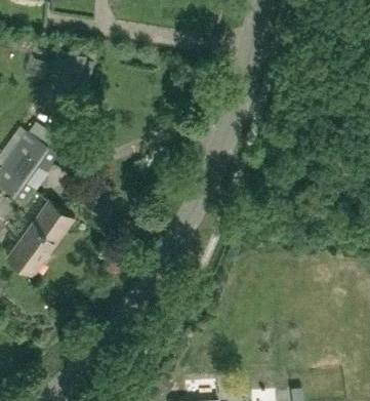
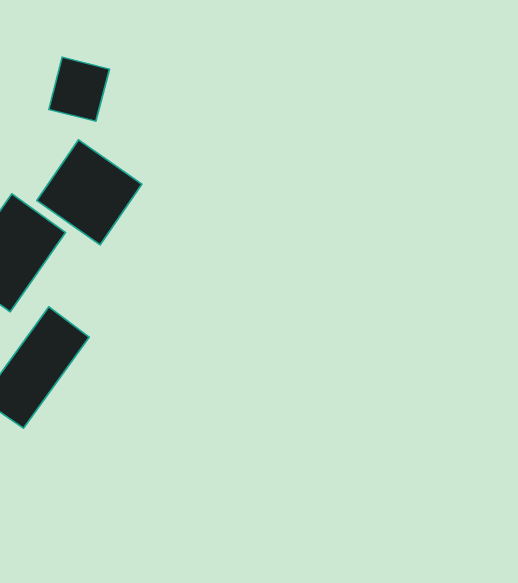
building: none -> [37,140,142,245]

